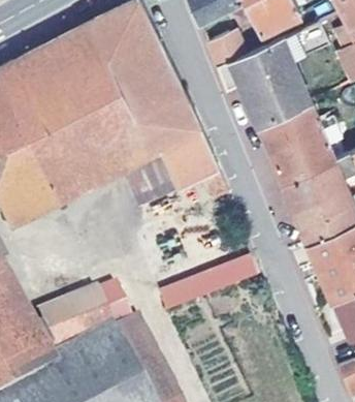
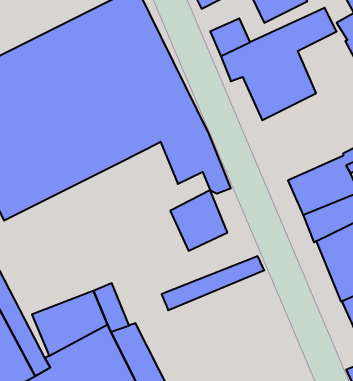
building: [258,99,336,183] -> none
building: [123,146,178,204] -> [170,190,227,251]

